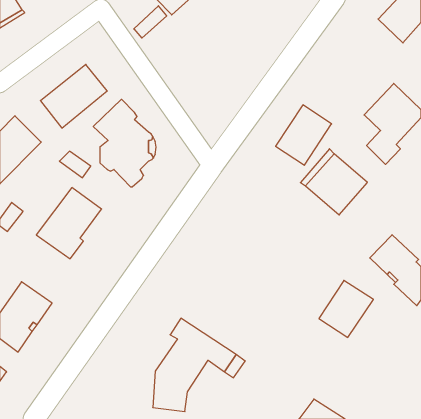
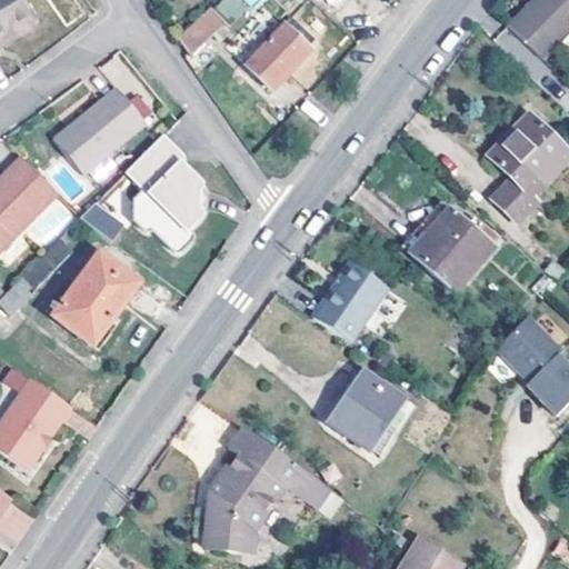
building: none -> [248,23,312,89]
building: [276,105,332,165] -> [313,261,389,342]
building: [319,280,373,337] -> [333,371,407,448]

